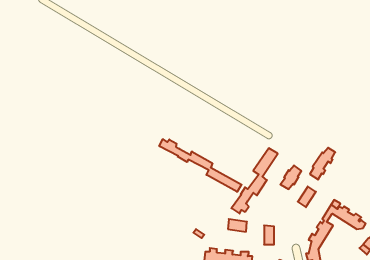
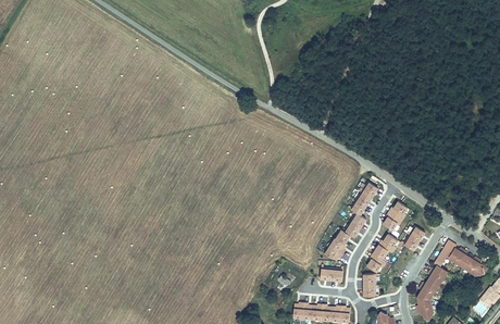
building: [159,139,242,192] -> none
building: [310,148,335,180] -> [367,233,398,271]

